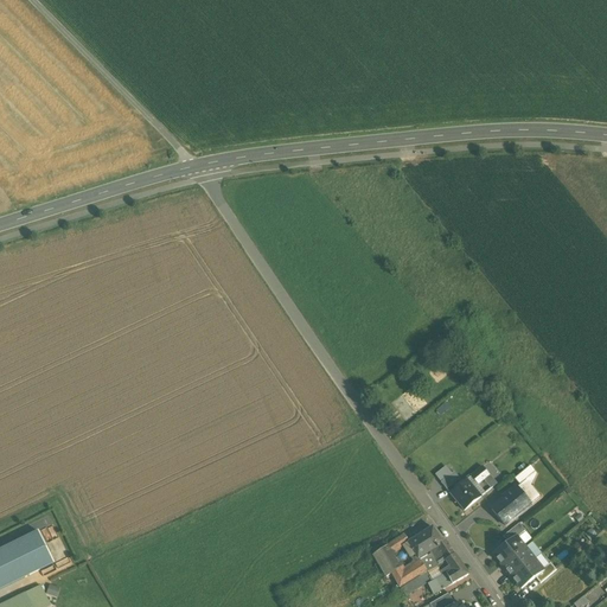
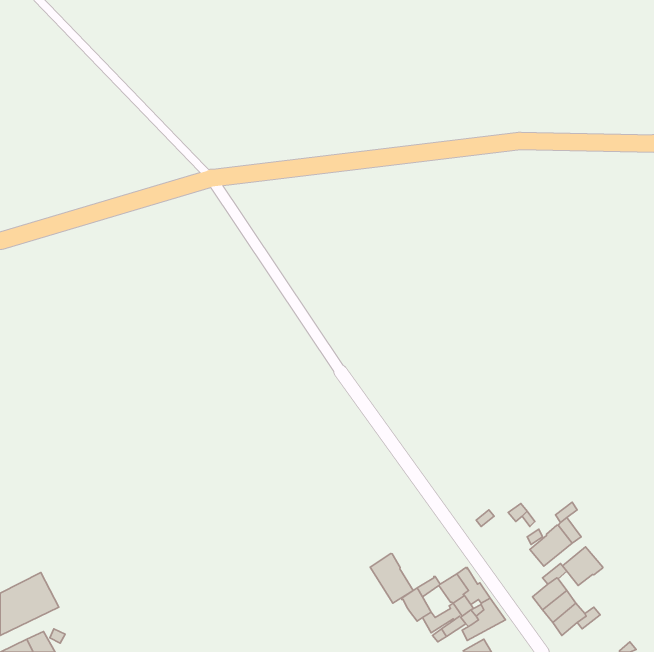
building: [449,478,480,509] -> none
building: none -> [563,547,603,586]
building: none -> [370,553,413,603]

